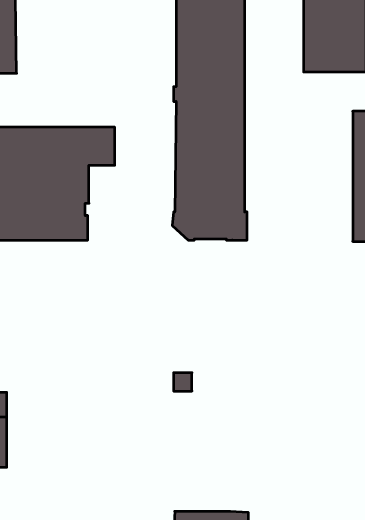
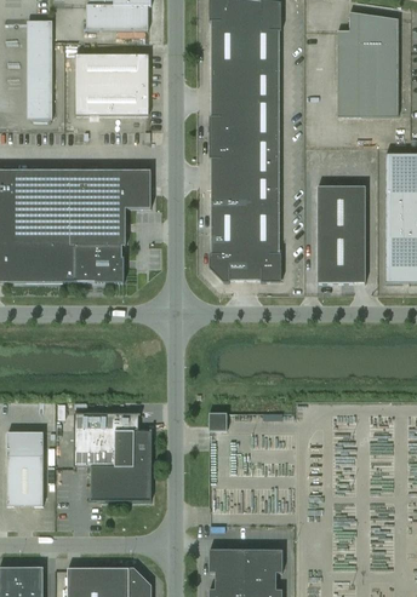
building: none -> [75,54,148,115]
building: none -> [318,186,365,282]
building: none -> [74,412,152,500]

